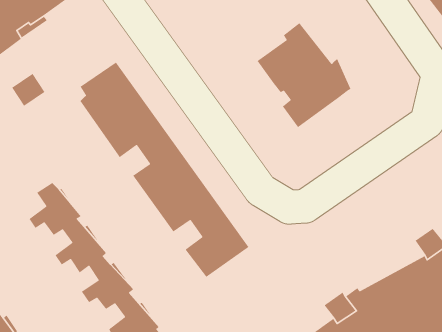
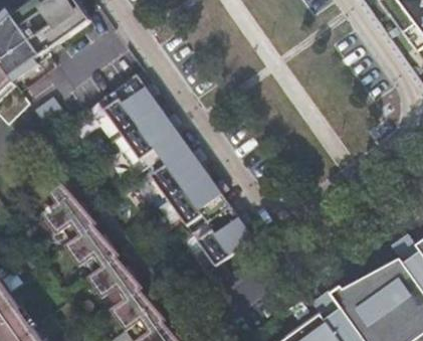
building: [257,22,351,128] -> none

